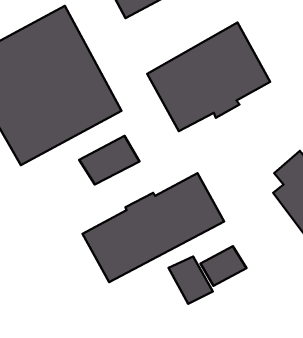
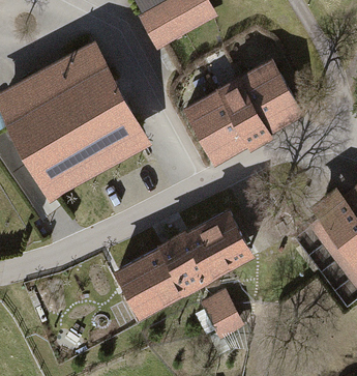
building: [79,136,139,184] -> none
building: [200,246,247,286] -> none

